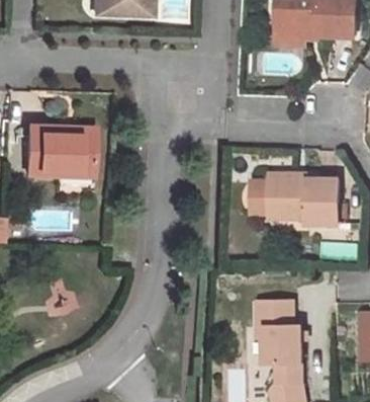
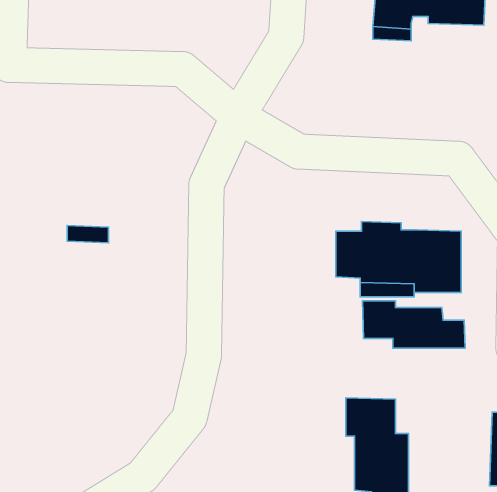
building: [26,126,92,175] -> none
building: none -> [362,301,465,348]

